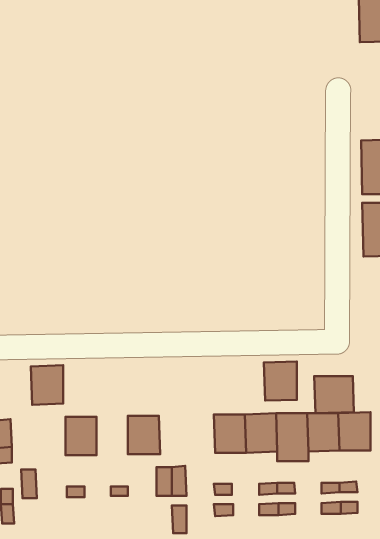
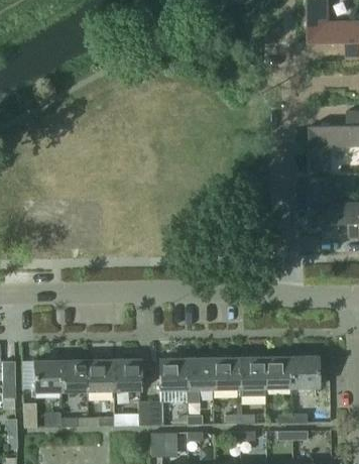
building: [264,361,297,401] -> none
building: [31,365,63,405] -> [34,360,62,393]
building: [314,376,354,413] -> none
building: none -> [159,358,188,391]
building: none -> [88,359,114,392]

